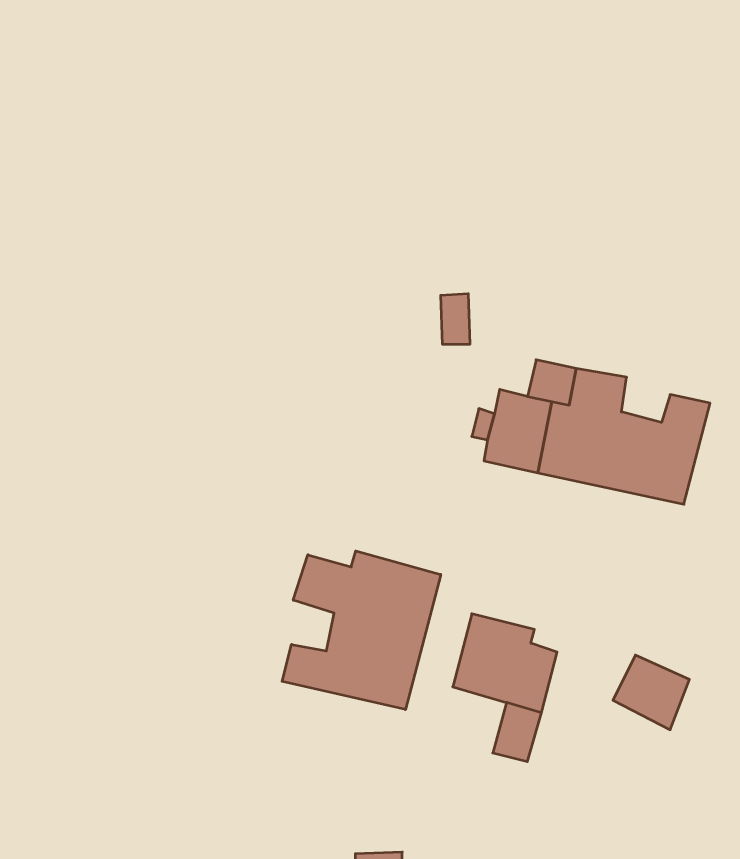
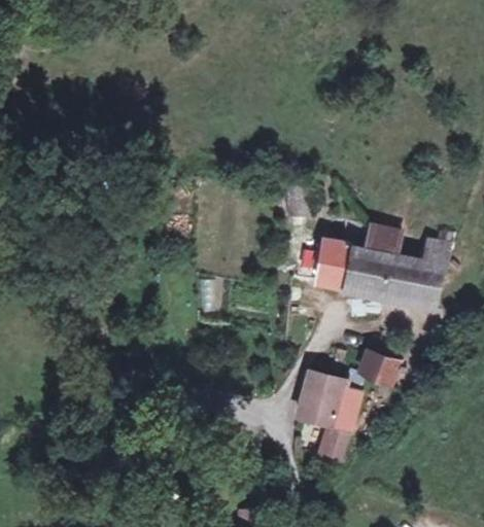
building: [282,551,441,710] -> none
building: [613,655,689,730] -> [357,346,403,390]

